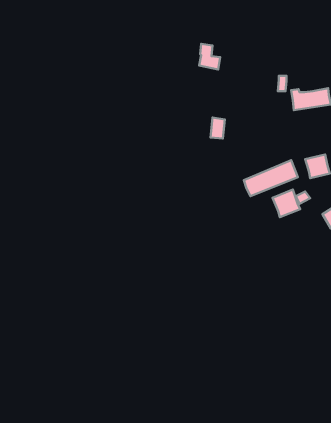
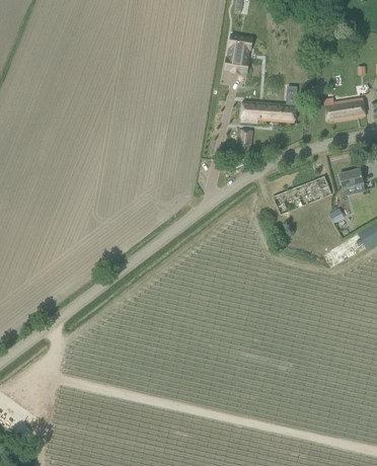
building: none -> [240,85,297,123]
building: [272,190,300,217] -> none

